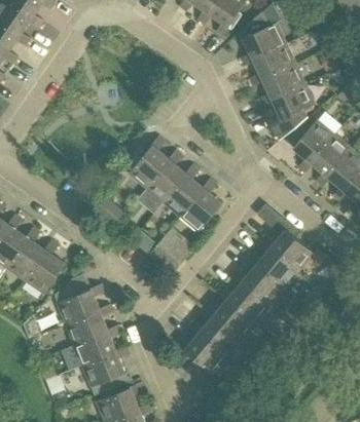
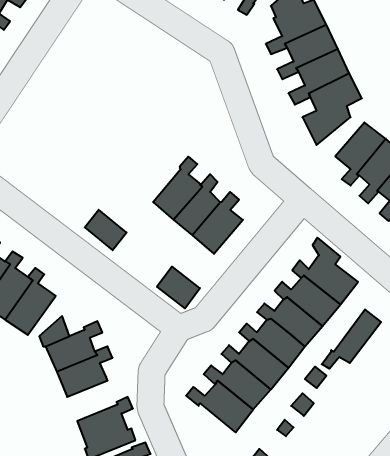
building: [130,138,170,188] -> none
building: none -> [322,309,381,369]
building: [77,325,122,366] -> none

